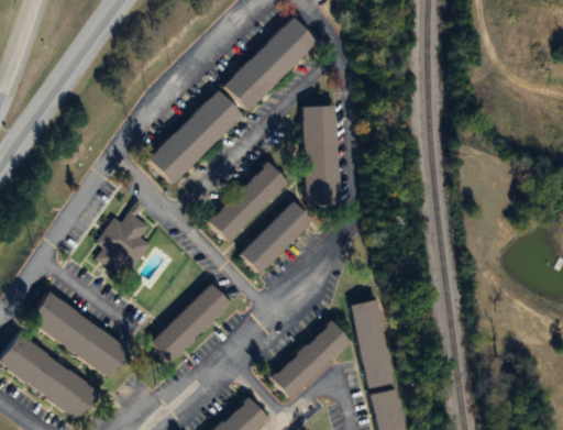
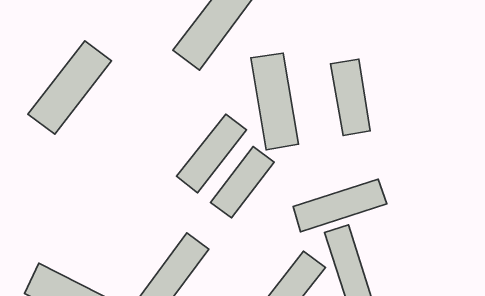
building: [147,89,244,184] -> [28,41,111,134]
building: none -> [330,59,370,136]
building: [96,211,150,273] -> none
building: none -> [293,179,387,232]

